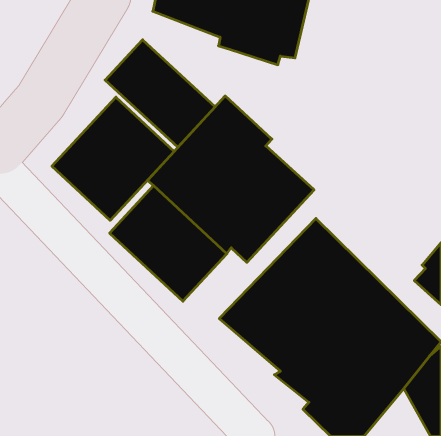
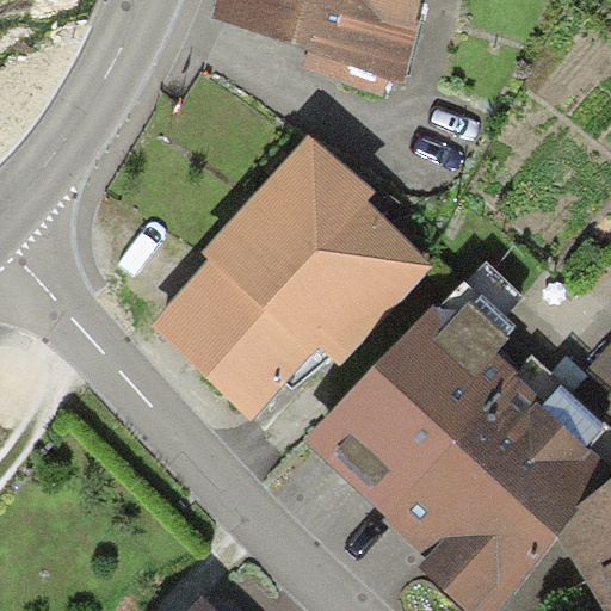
building: [105,40,215,147] -> none
building: [52,97,174,220] -> none

